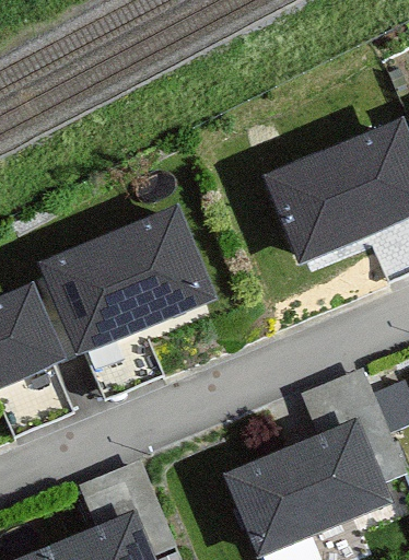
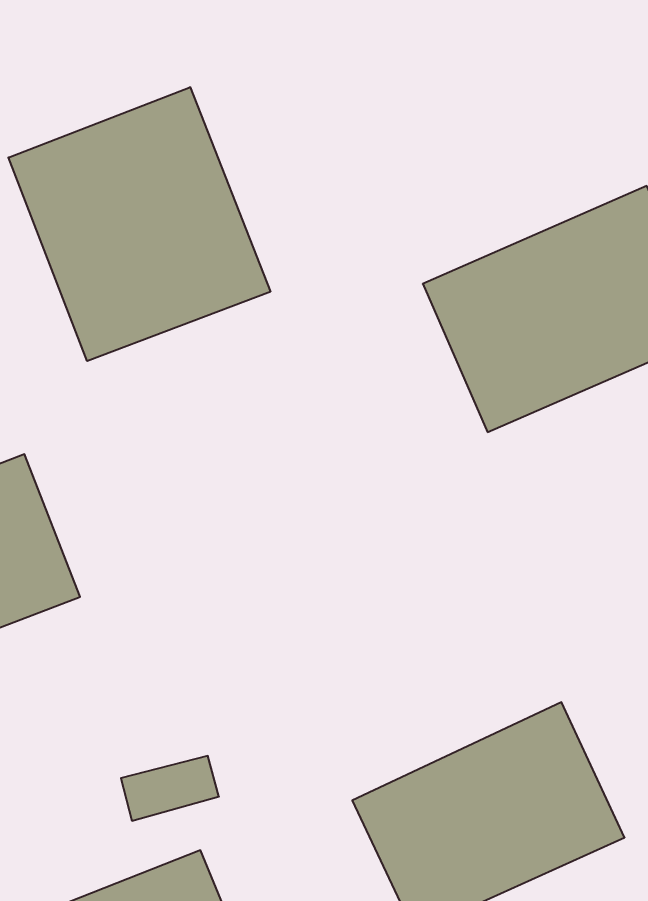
building: none -> [8,87,270,361]
building: [55,213,209,345] -> none

